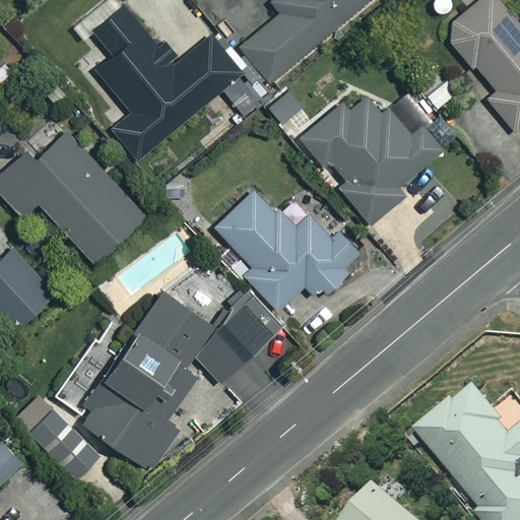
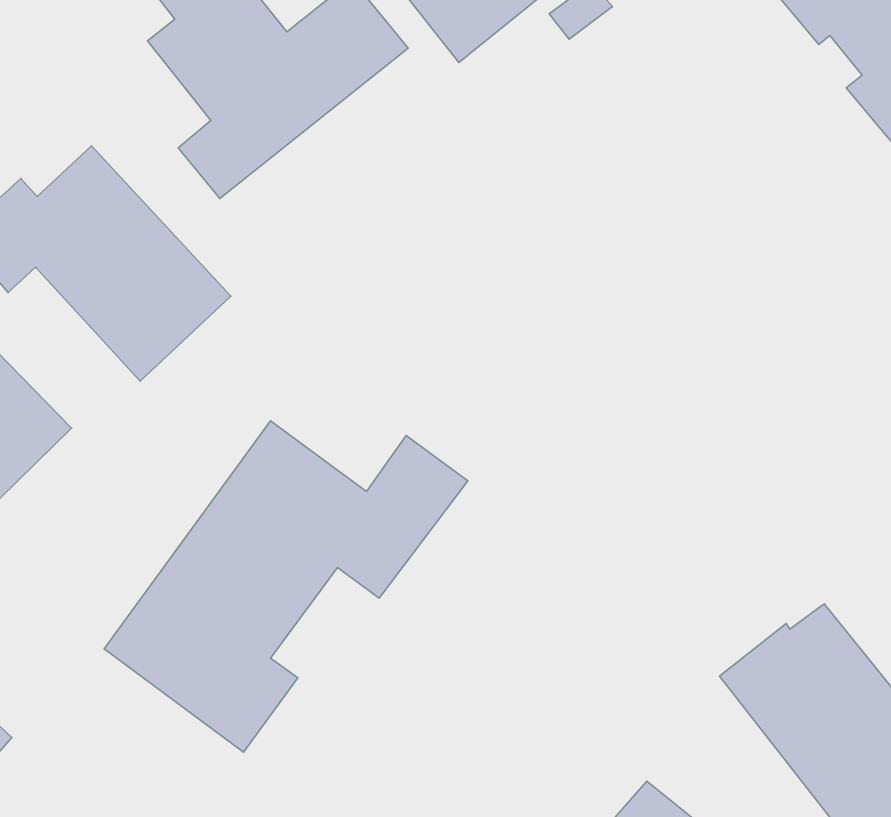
building: [299,94,443,224] -> none
building: [214,188,359,310] -> none
building: [28,408,100,477] -> none

